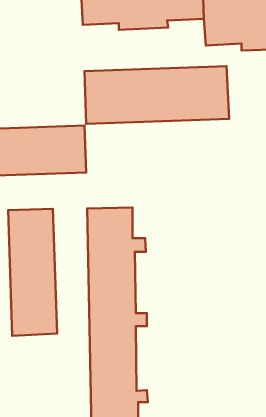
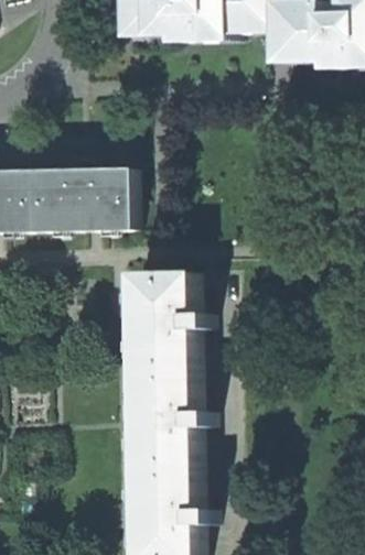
building: [85,66,229,124] -> none
building: [8,209,57,336] -> none

